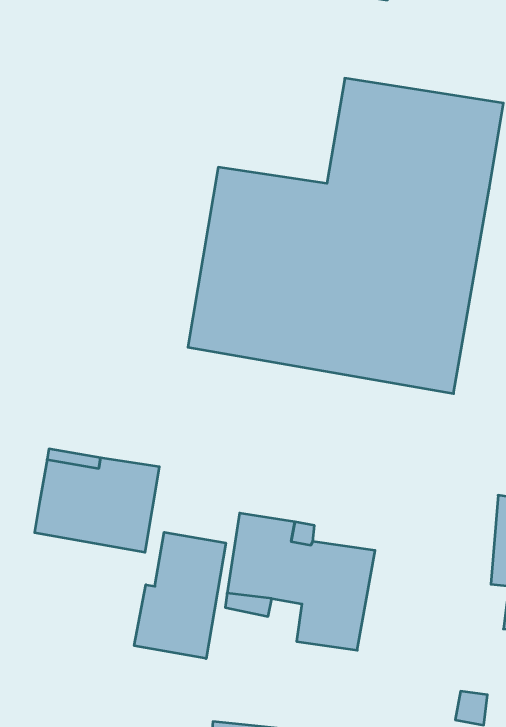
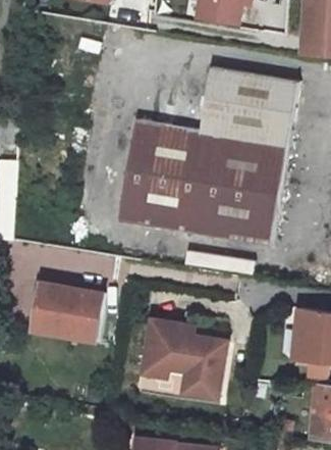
building: [134,532,226,659] -> none

